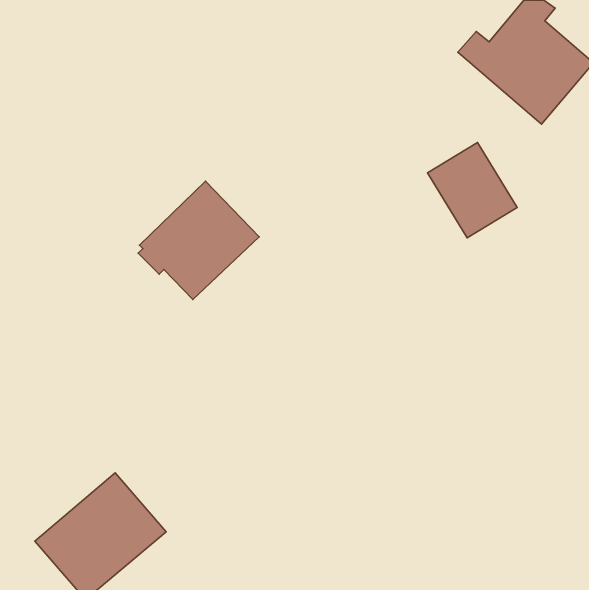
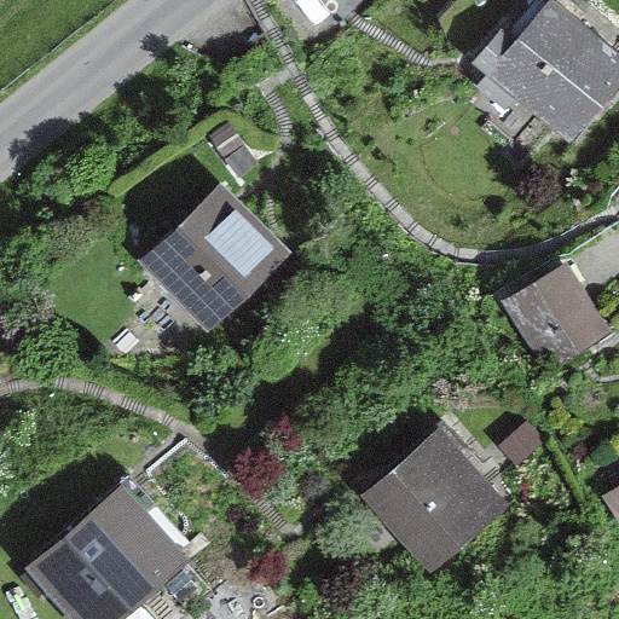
building: [428,143,517,238] -> [508,268,601,368]
building: none -> [375,439,494,559]

